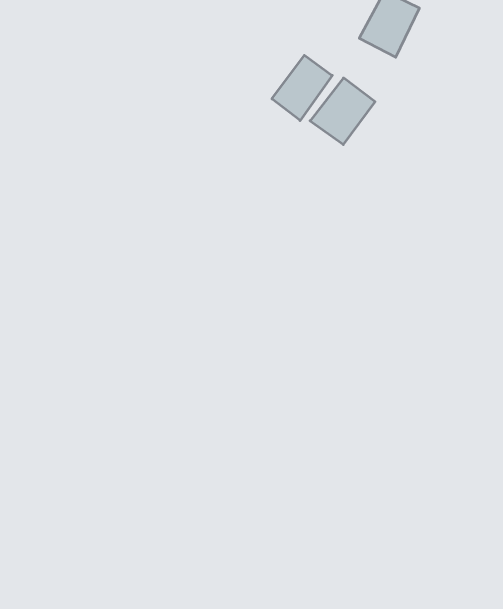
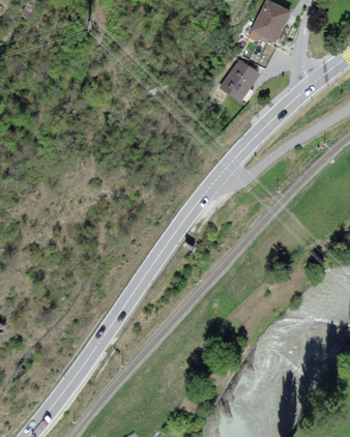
building: [272,55,332,121] -> none

